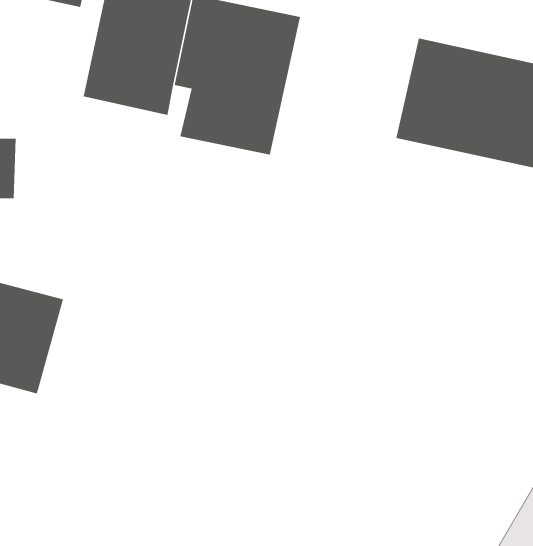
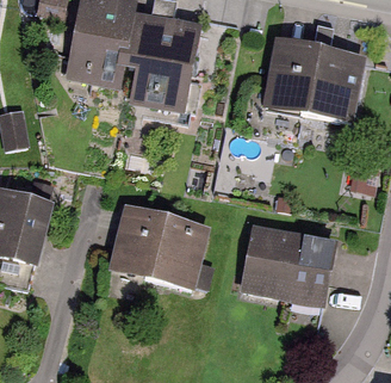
building: none -> [110,205,209,289]
building: none -> [241,223,335,301]

